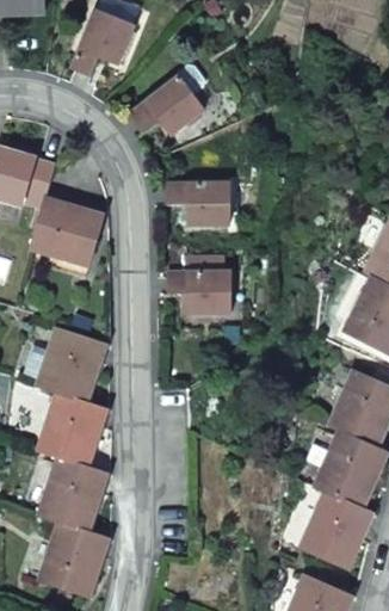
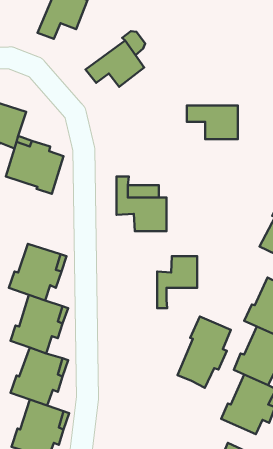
building: [166,184,229,226] -> [187,105,238,139]
building: none -> [157,256,197,308]
building: none -> [178,317,231,388]

